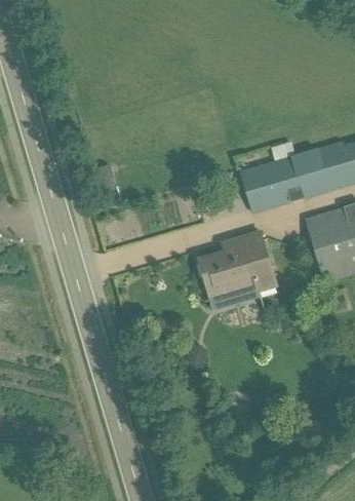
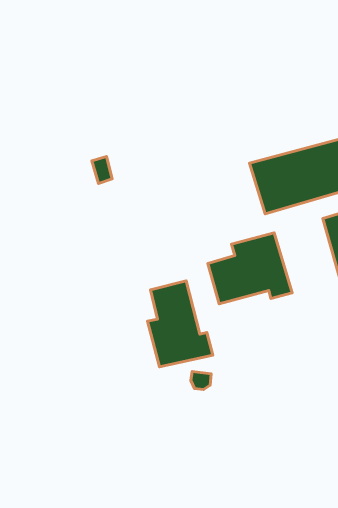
building: none -> [147,281,213,367]

